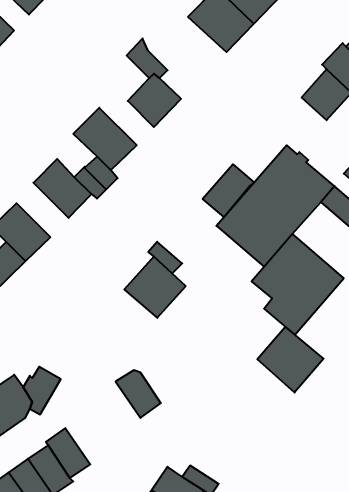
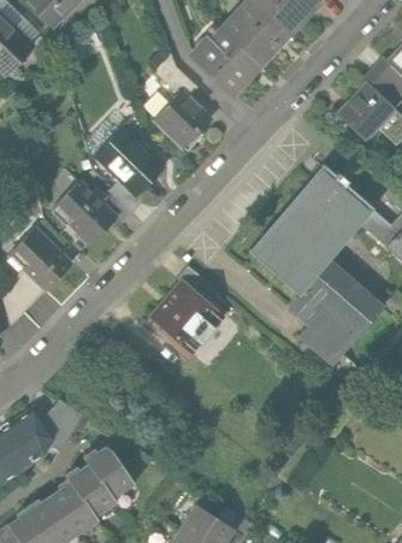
building: none -> [189,30,259,98]
building: [203,164,254,217] -> none
building: [257,327,324,393] -> none
building: [116,370,161,418] -> [85,450,134,501]

